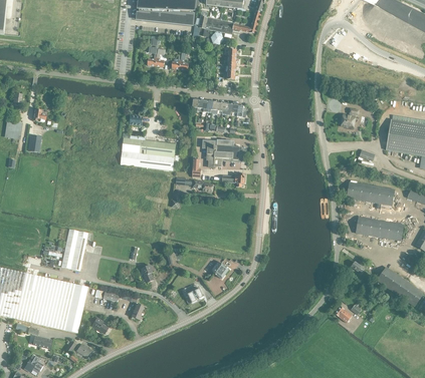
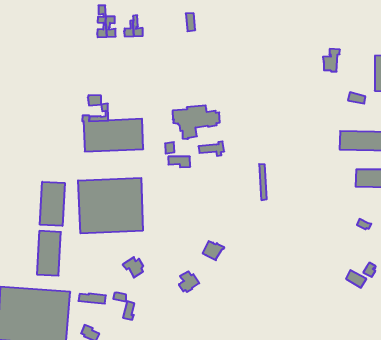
building: none -> [40,182,65,226]
building: none -> [78,178,143,233]

